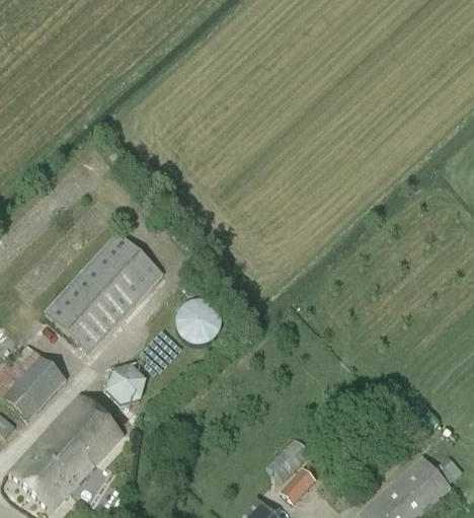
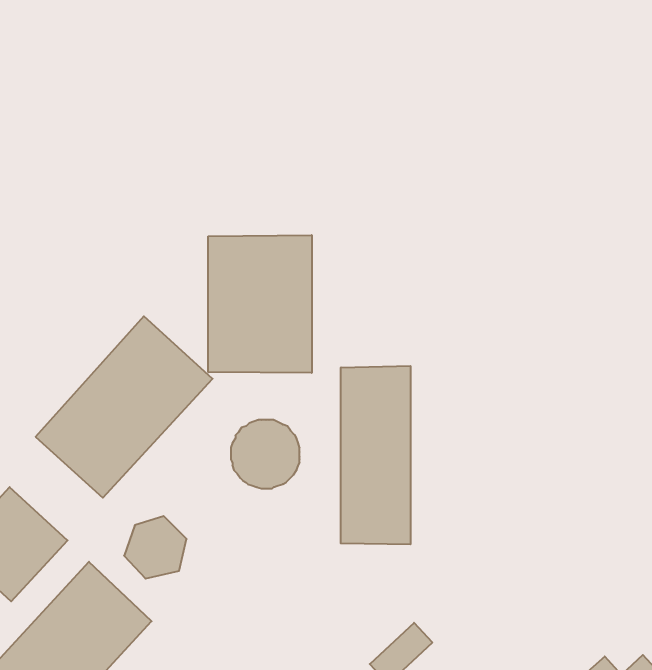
building: none -> [208,235,312,373]
building: none -> [341,366,410,544]

